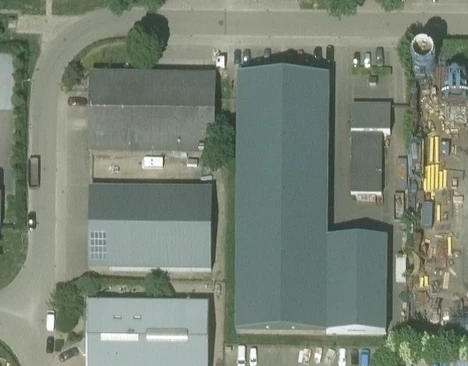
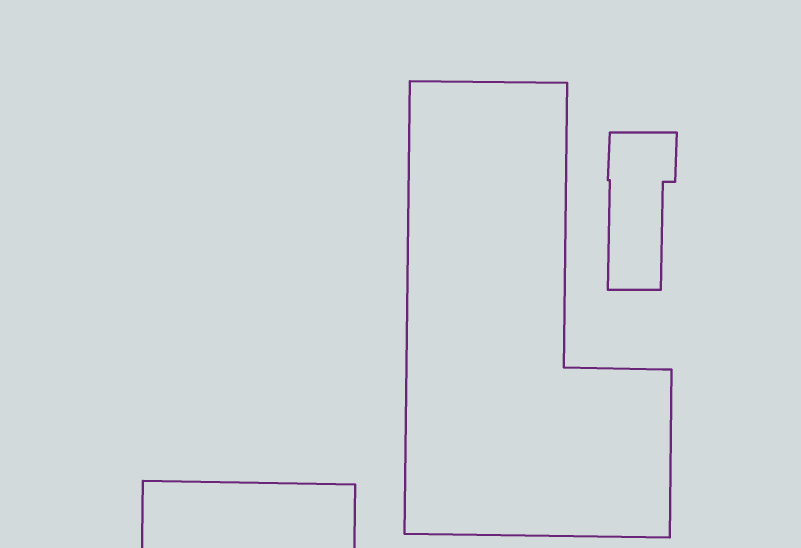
building: [88,69,213,150] -> none
building: [87,183,210,266] -> none

